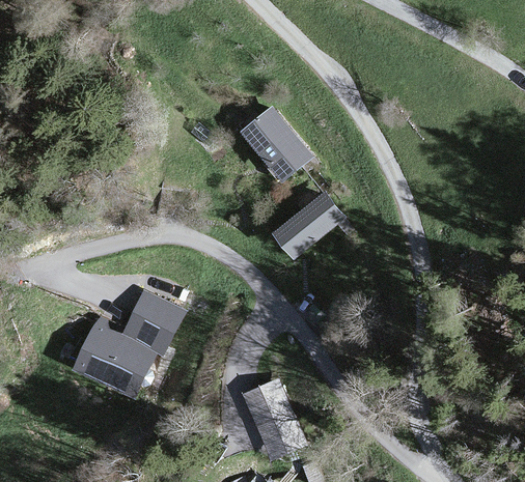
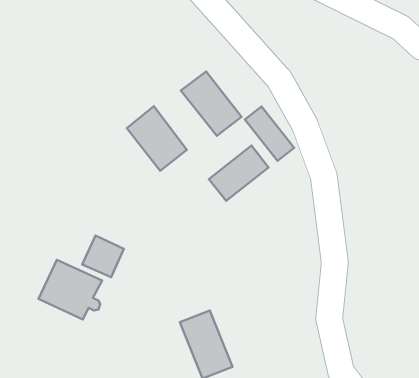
building: none -> [127,106,187,171]
building: none -> [245,106,294,161]

